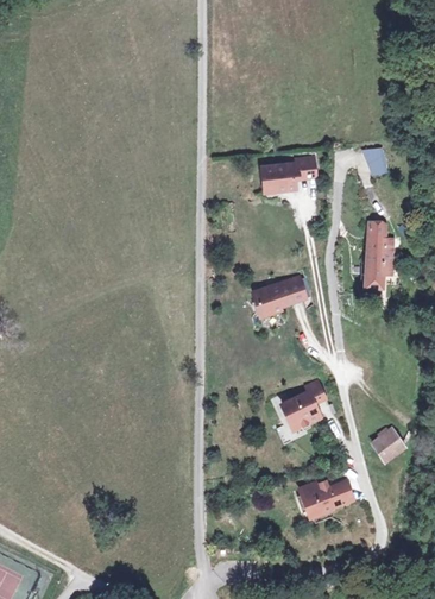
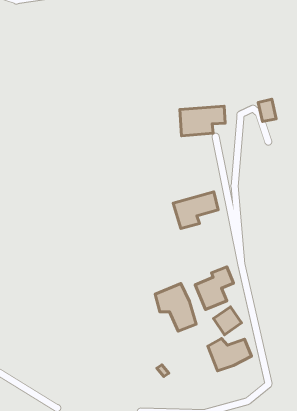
building: [360,220,399,291] -> none
building: none -> [155,284,196,331]
building: [370,425,409,465] -> [213,307,242,335]

